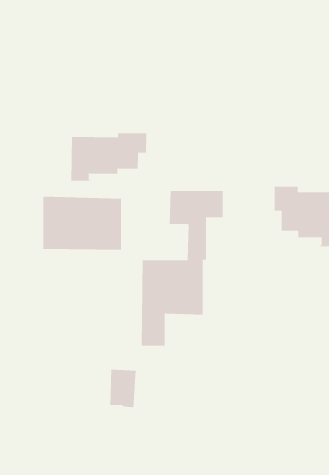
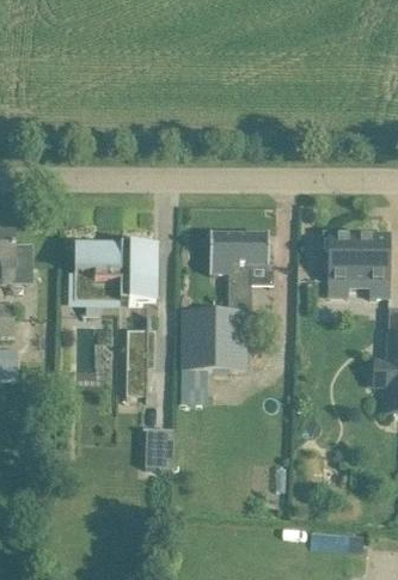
building: [70,132,147,181] -> none
building: none -> [127,329,154,395]

